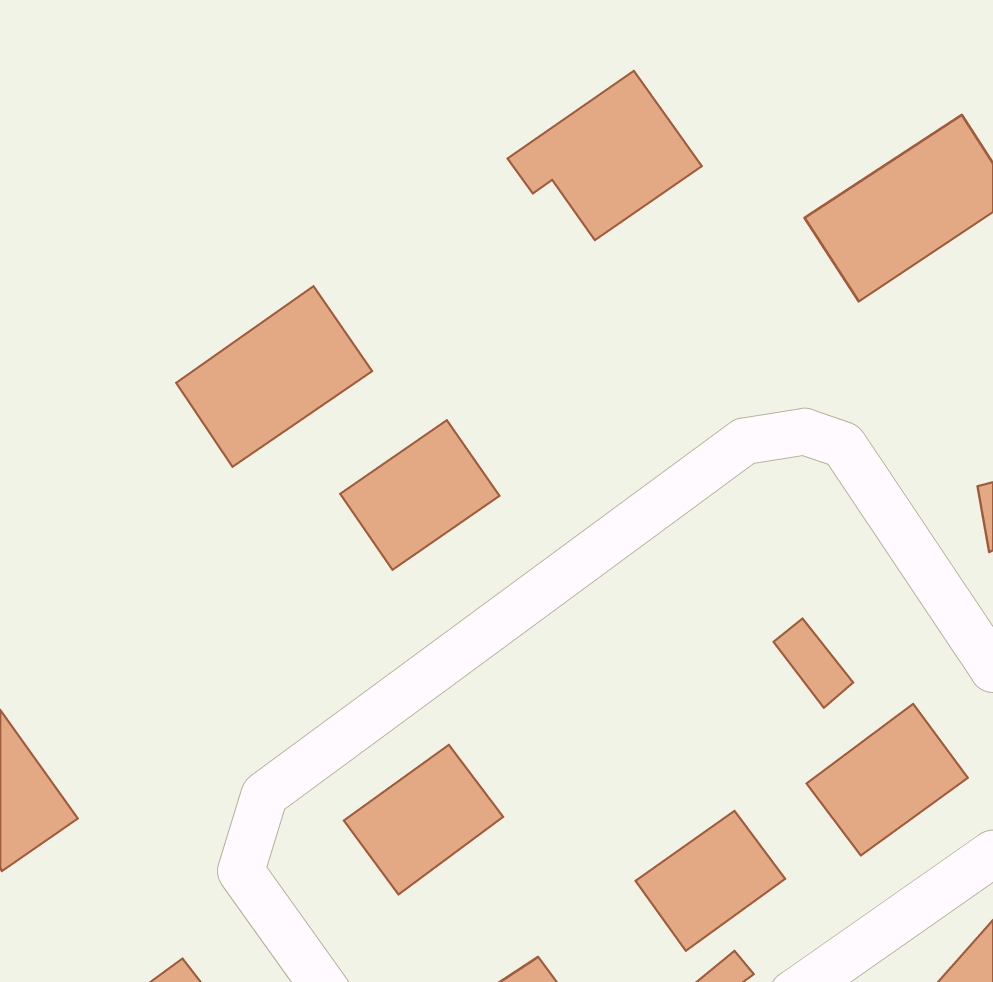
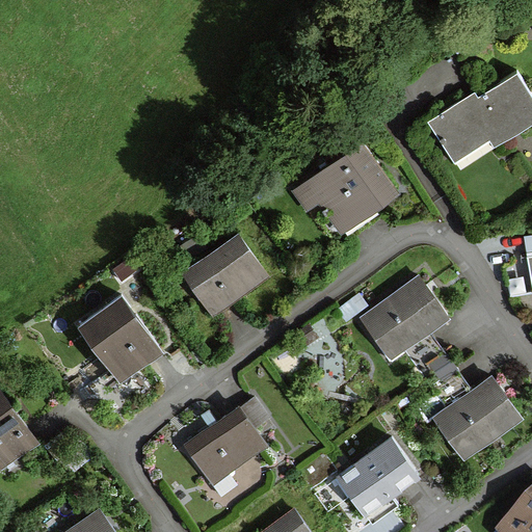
building: [508,71,702,240] -> [294,144,398,235]
building: [176,286,372,467] -> none
building: none -> [356,283,443,365]
building: none -> [80,297,162,381]

